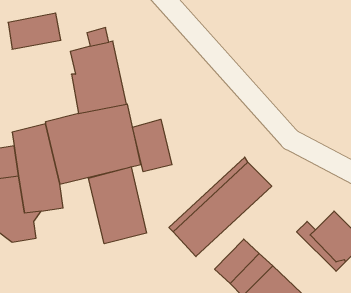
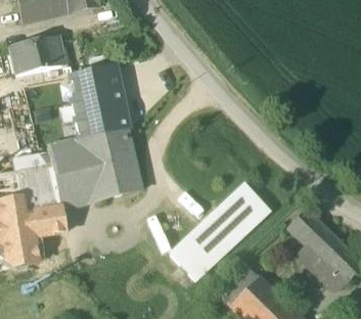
building: [133,119,172,172] -> none
building: [88,167,146,244] -> none
building: none -> [288,208,332,253]

